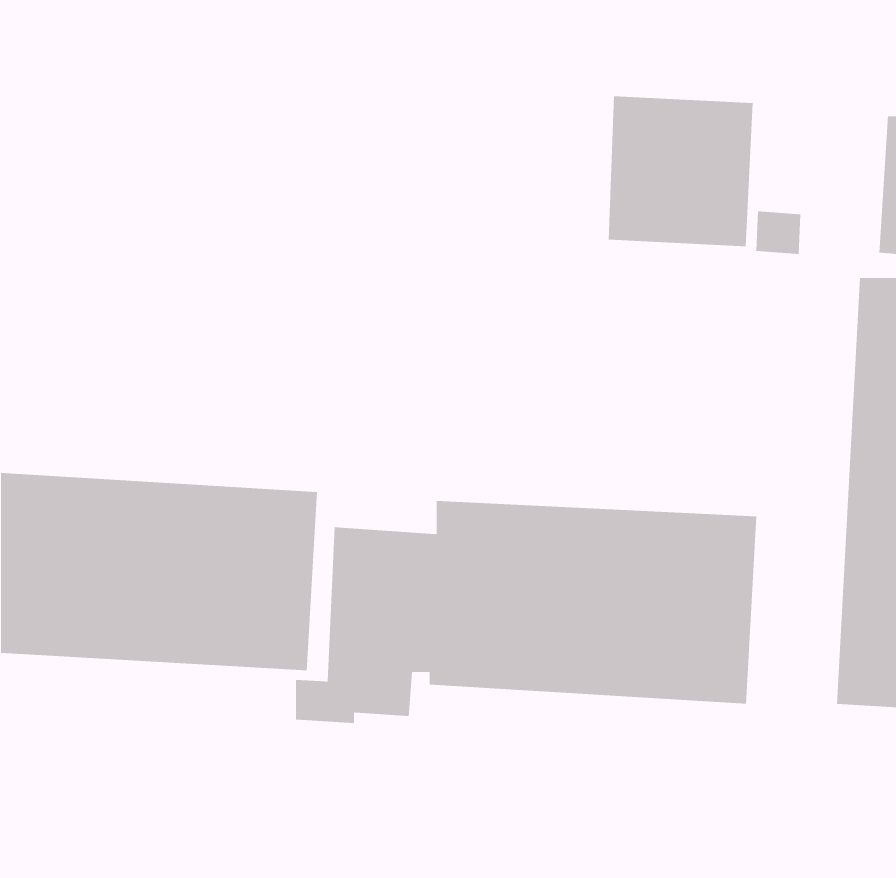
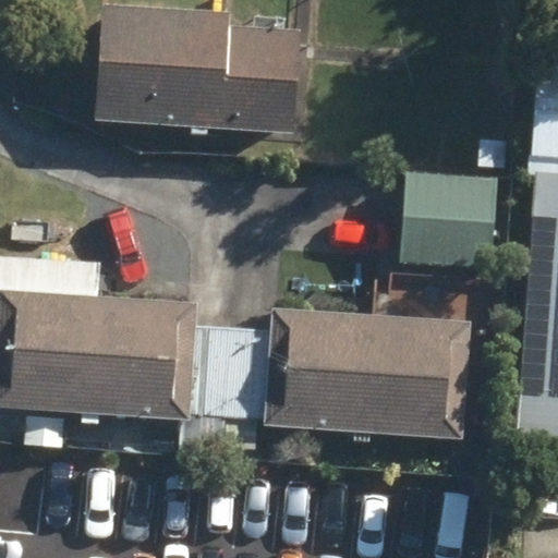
building: none -> [97,7,299,129]
building: [608,96,754,247] -> [391,172,482,266]

